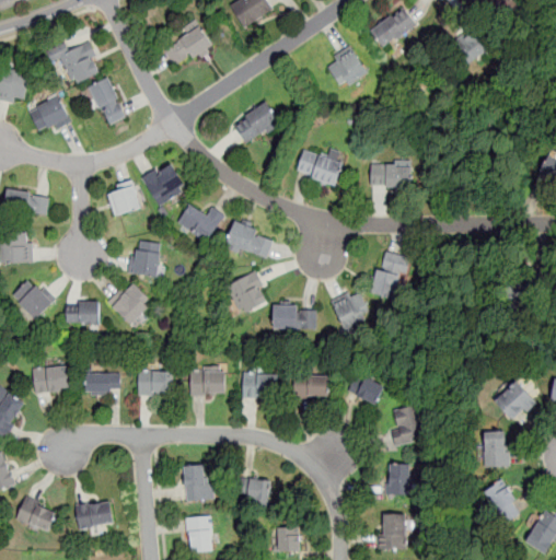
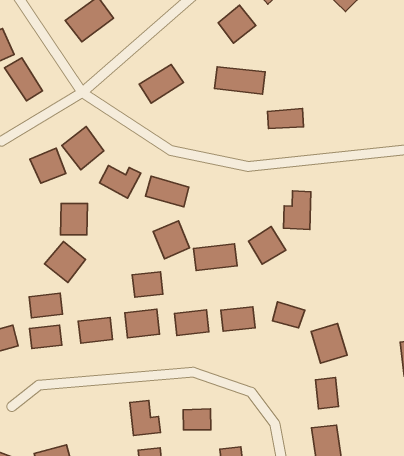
building: [289,151,346,186] -> [214,67,265,94]
building: [66,302,100,325] -> [29,293,62,318]
building: none -> [132,272,163,297]

